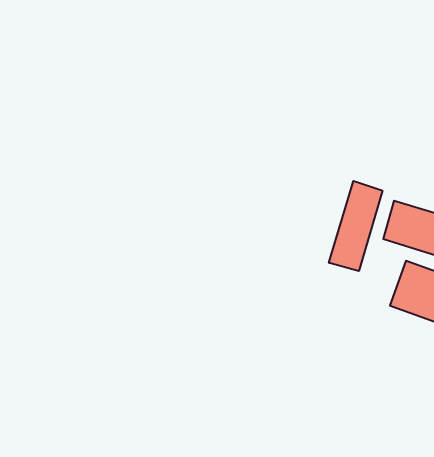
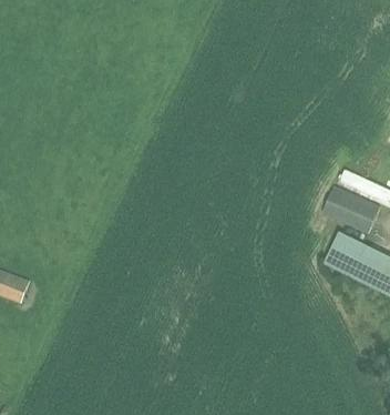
building: [329,181,382,271] -> none

